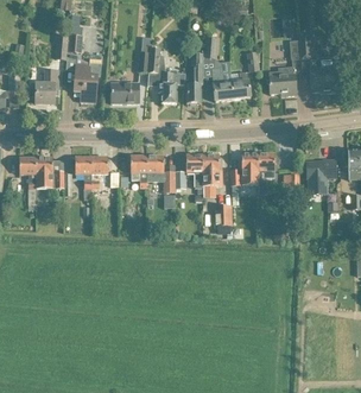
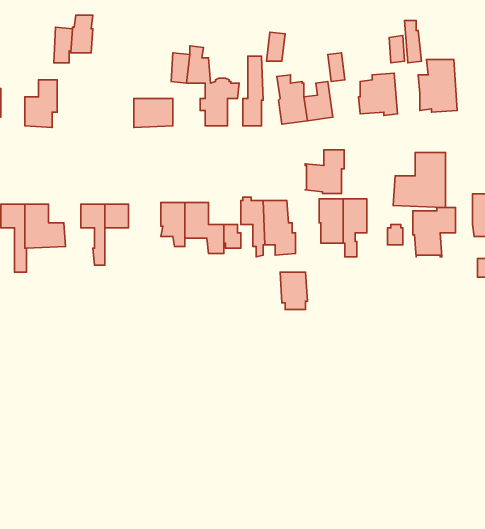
building: [74,62,101,102] -> none
building: none -> [305,150,344,193]
building: none -> [393,152,446,207]

